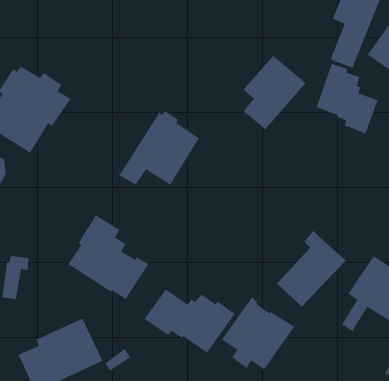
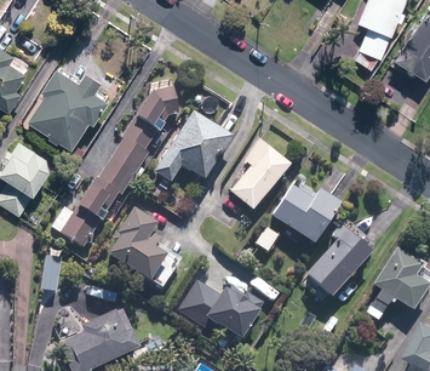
building: [243,55,306,130] -> [230,139,291,211]
building: [316,63,378,134] -> none
building: none -> [52,87,179,249]
building: [221,296,295,370] -> [271,176,342,246]

